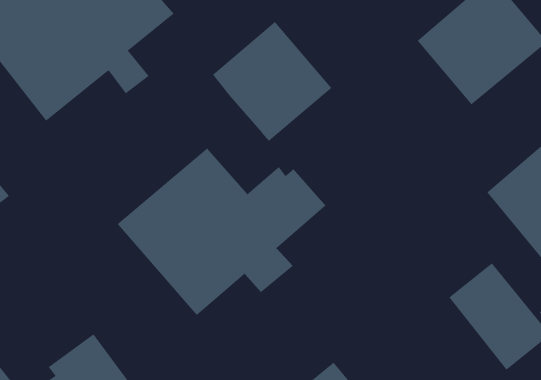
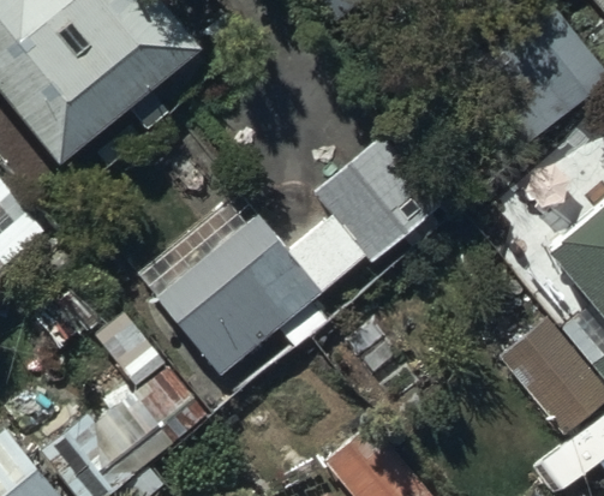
building: [212,21,332,141] -> [312,133,444,265]

